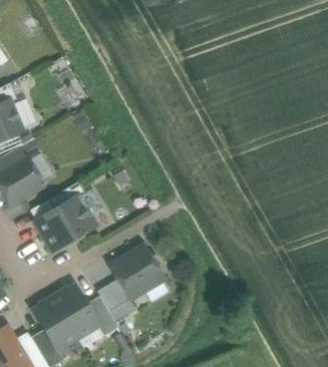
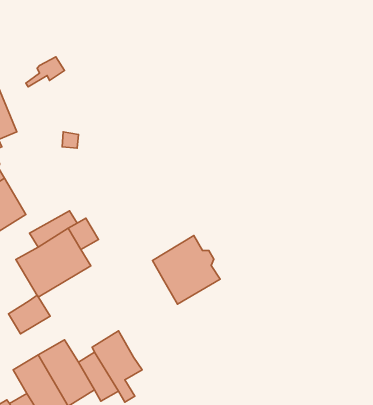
building: [109,243,163,298] -> [152,235,220,304]
building: none -> [9,295,50,334]

